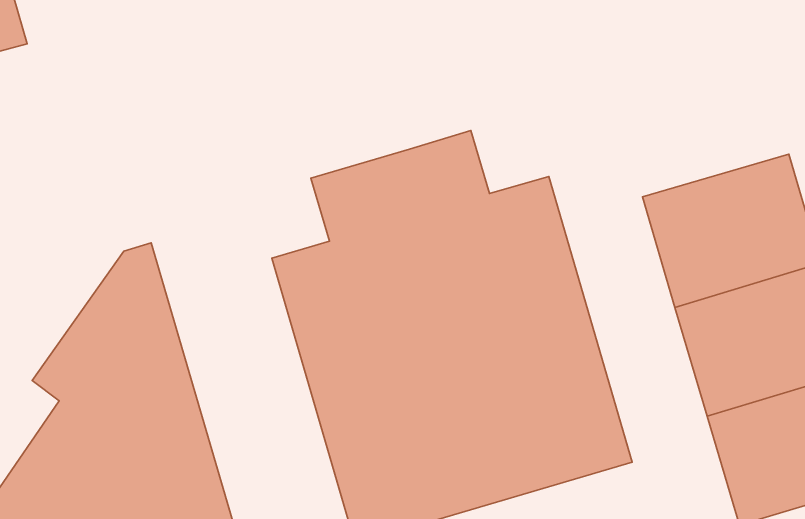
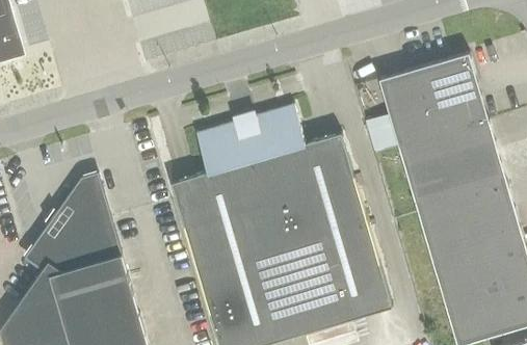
building: none -> [378,53,488,145]

